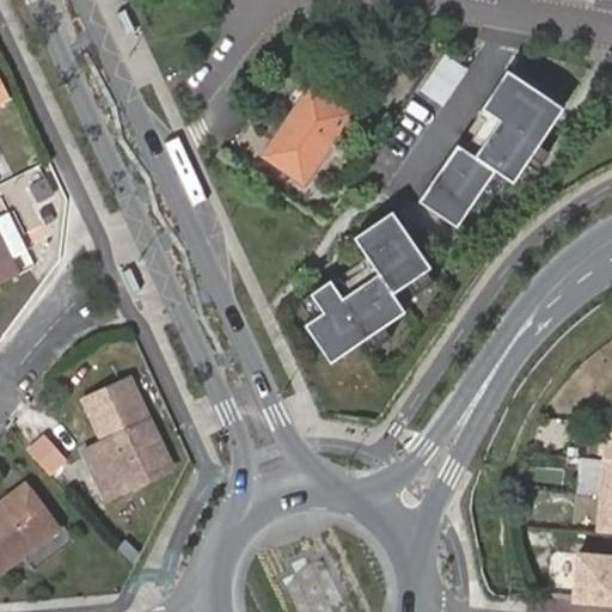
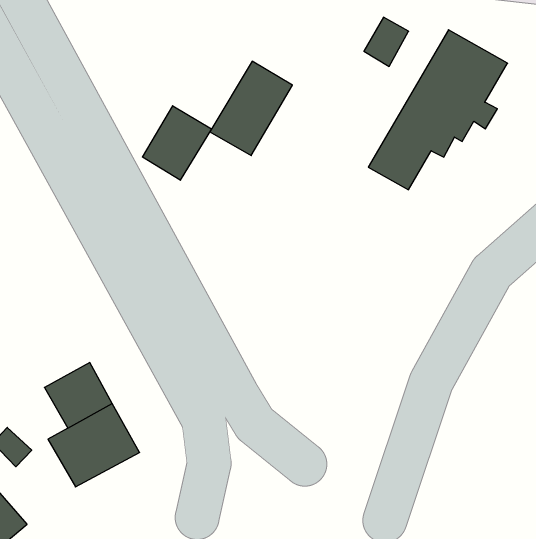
building: none -> [142,106,212,180]
building: [301,210,433,363] -> none

